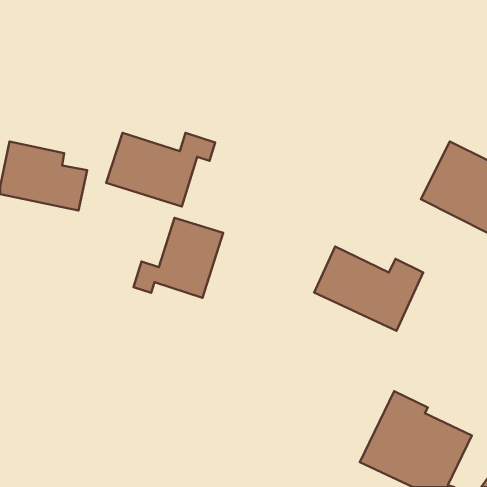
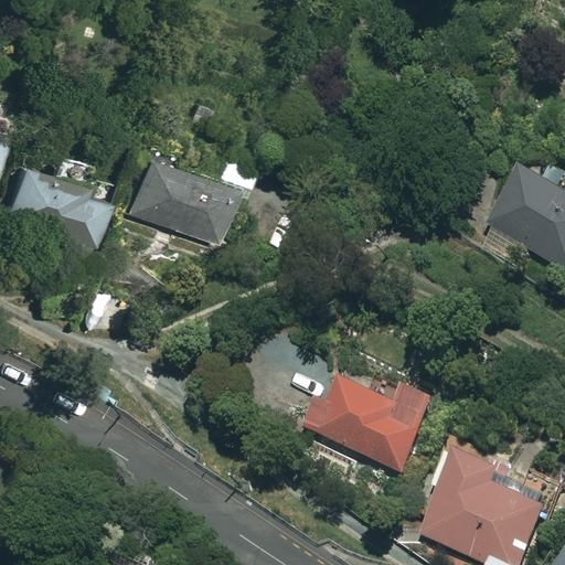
building: [133,218,223,298] -> none
building: [314,247,423,331] -> [309,375,435,472]

